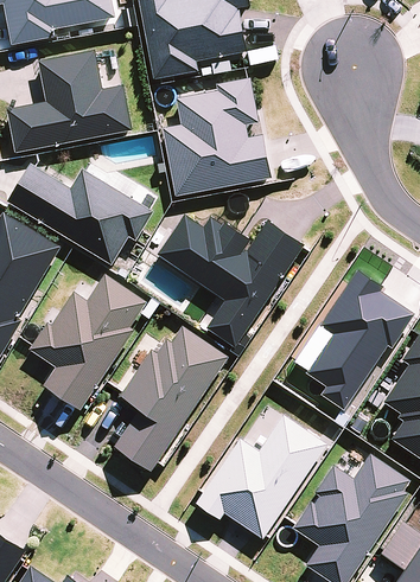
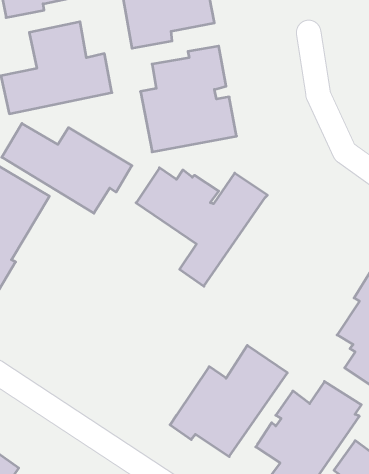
building: [305,269,414,410] -> none
building: [30,274,146,411] -> none
building: [114,326,228,472] -> none

